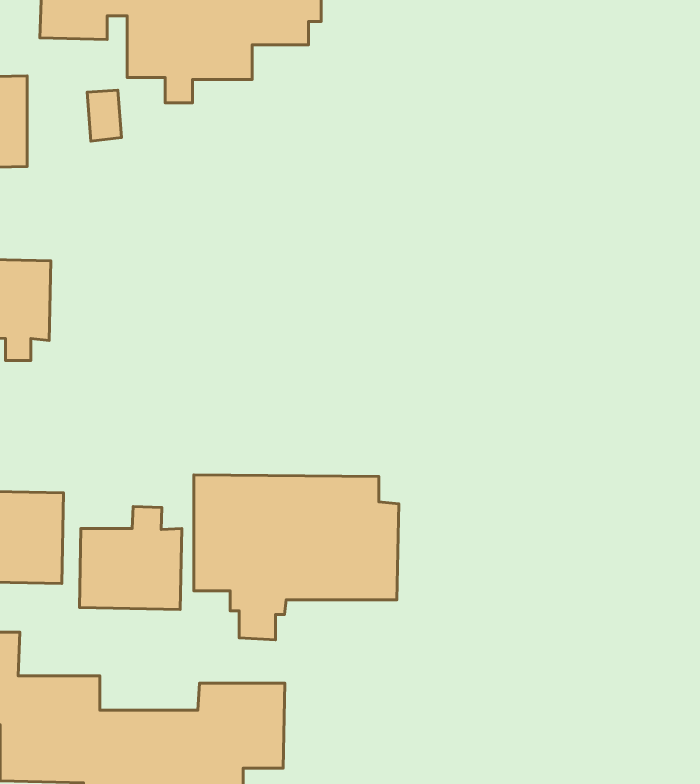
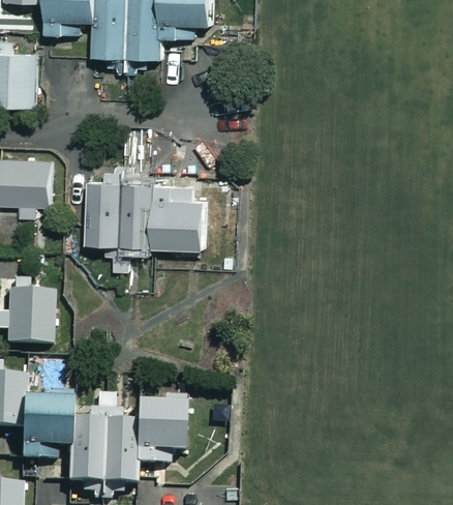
building: [194,475,399,640] -> [85,178,202,272]
building: [79,506,182,610] -> none

